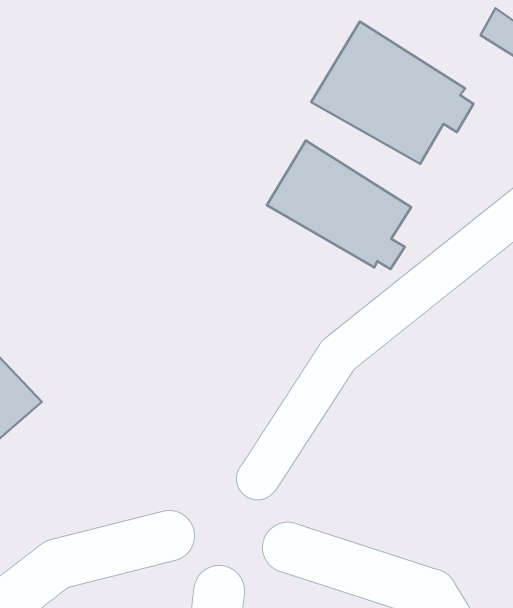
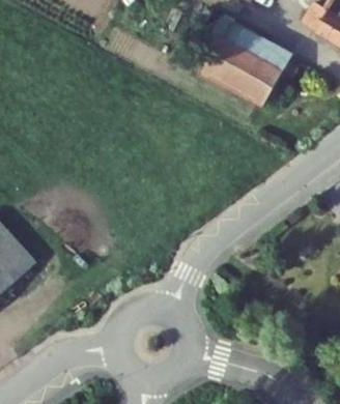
building: [267,141,411,269] -> none

